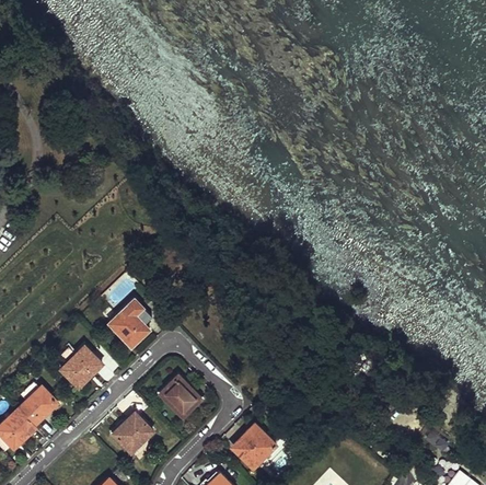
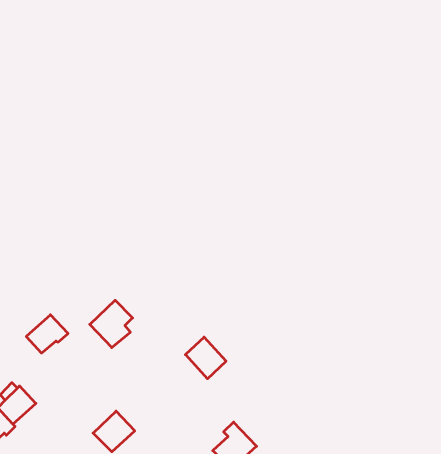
building: [60,348,102,386] -> [26,315,68,353]
building: [159,377,199,418] -> [185,337,226,379]

